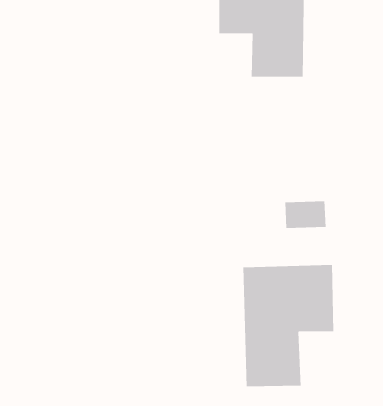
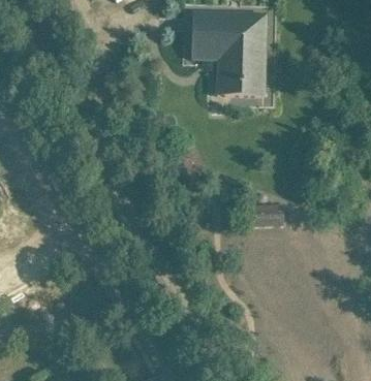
building: [243,264,334,387] -> none

